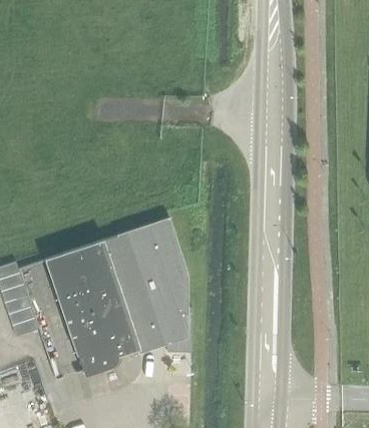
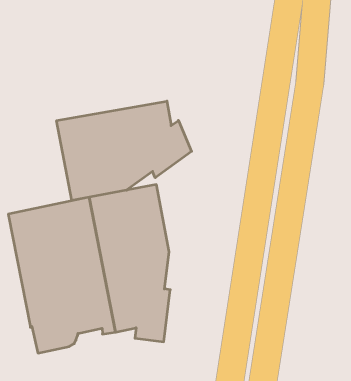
building: none -> [57,101,192,201]

